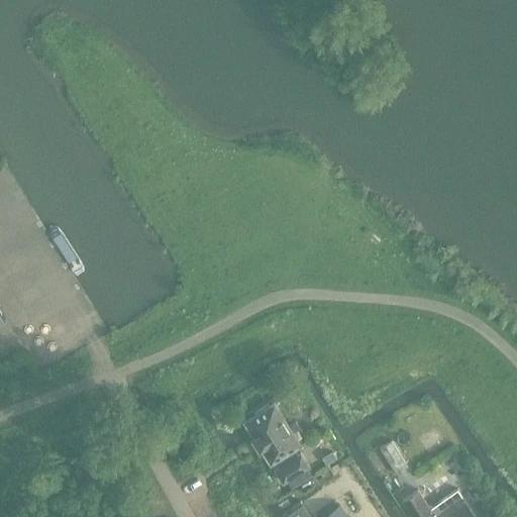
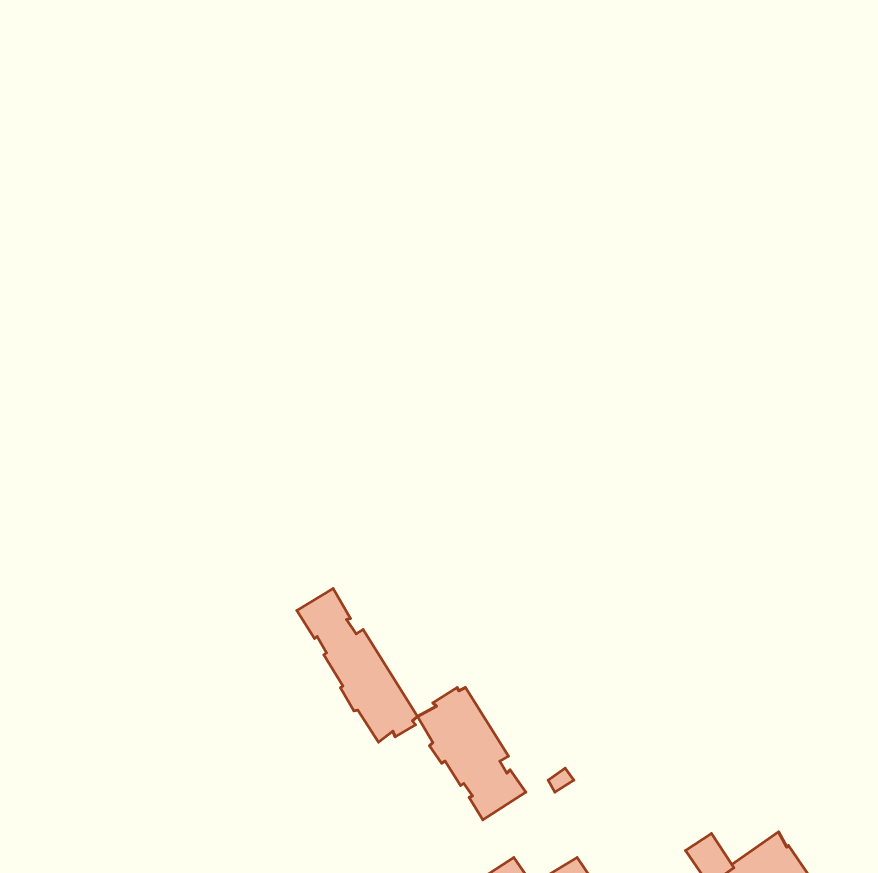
building: none -> [297,589,418,742]

